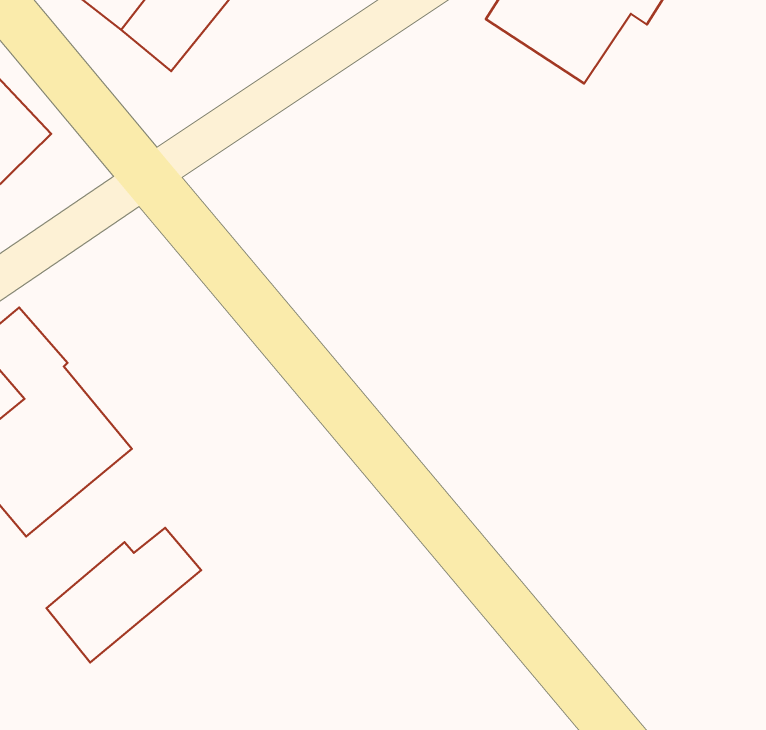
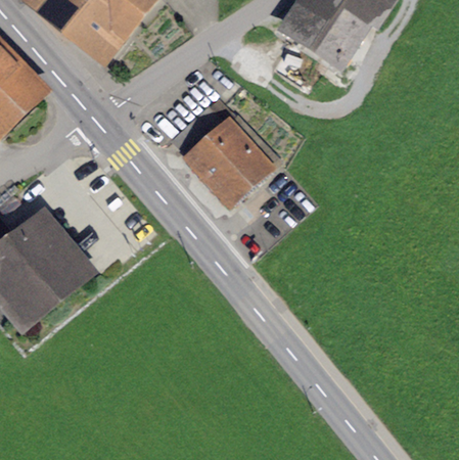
building: none -> [175,107,271,206]
building: [46,528,201,663] -> none

